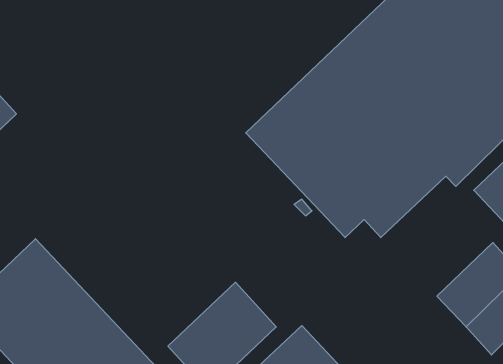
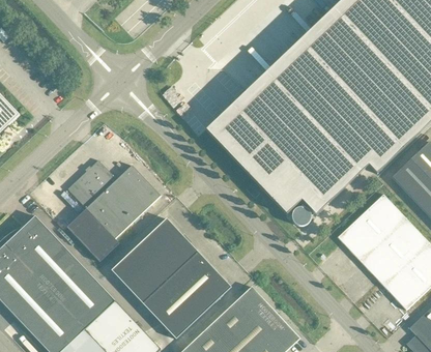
building: none -> [67,160,161,262]
building: none -> [338,195,407,263]
building: none -> [112,218,198,303]

